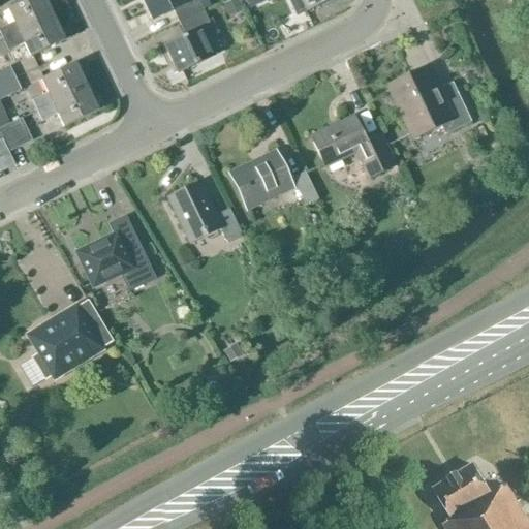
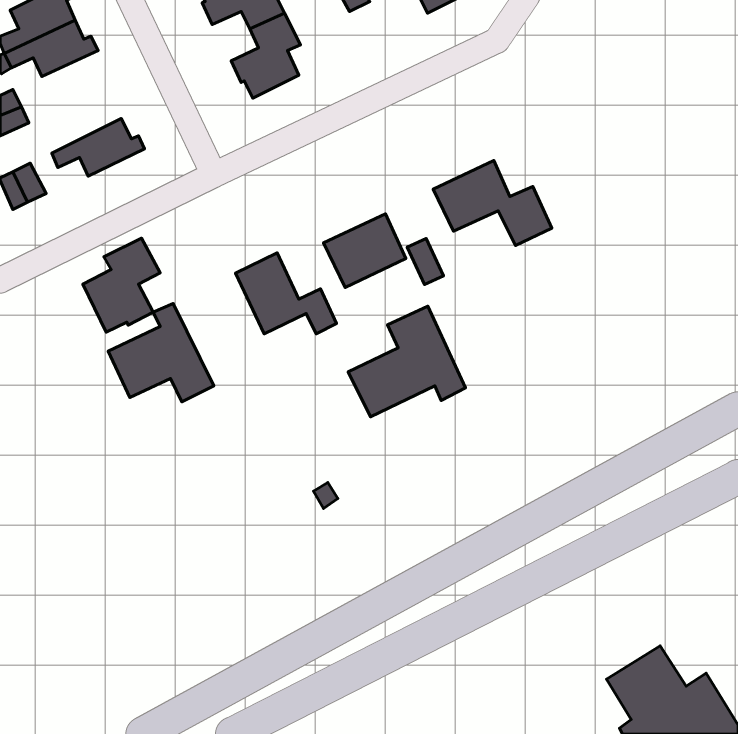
building: [32,59,87,110] -> none
building: [386,69,470,134] -> none
building: none -> [83,238,160,332]
building: none -> [348,306,466,417]
building: [28,302,110,377] -> none

